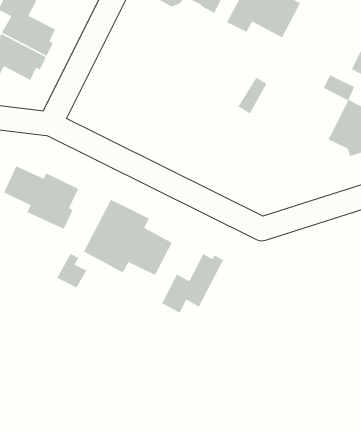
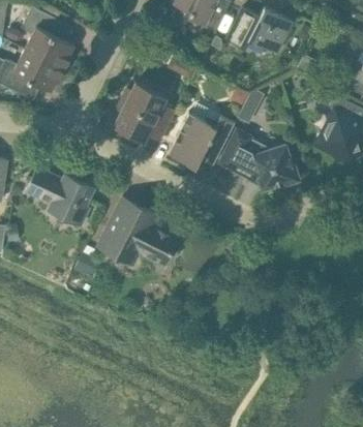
building: none -> [113,84,174,142]
building: none -> [168,114,234,169]
building: none -> [218,130,298,190]
building: [161,253,224,314] -> none

